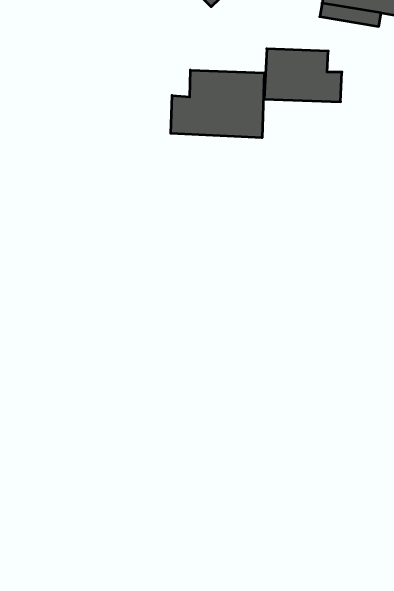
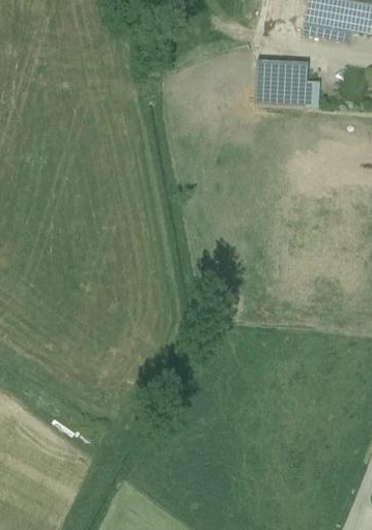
building: [171,70,264,138] -> none

